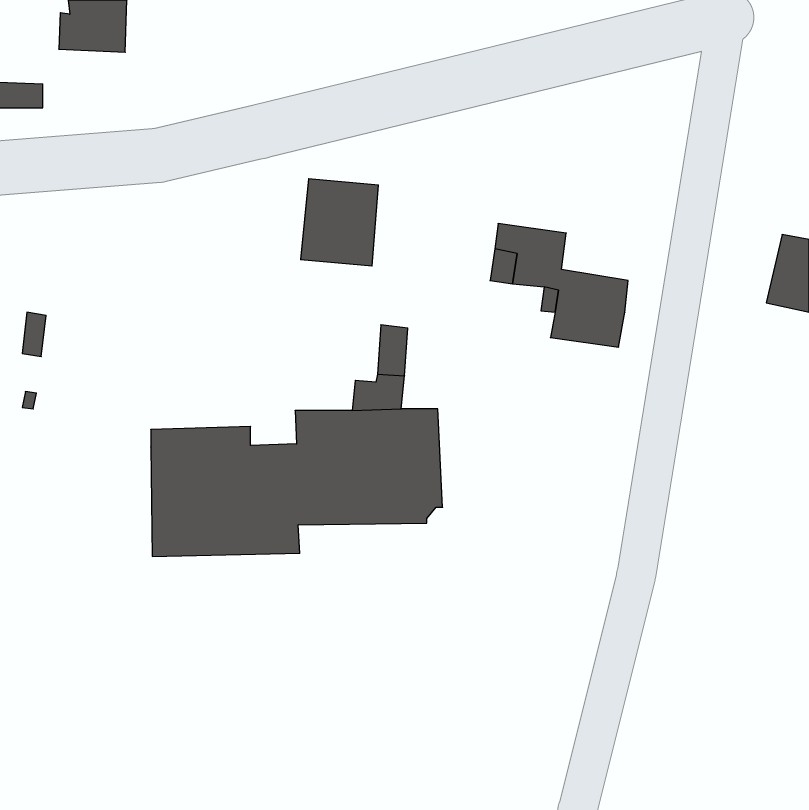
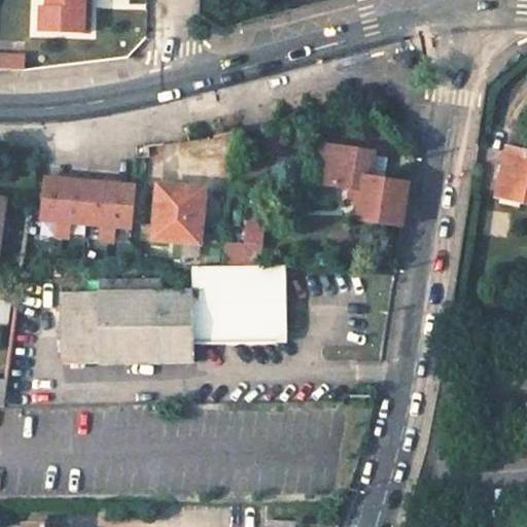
building: [301,179,378,266] -> [153,185,204,242]
building: none -> [42,179,135,242]
building: none -> [60,290,99,362]

